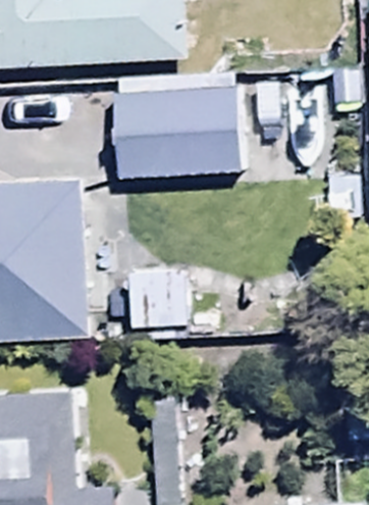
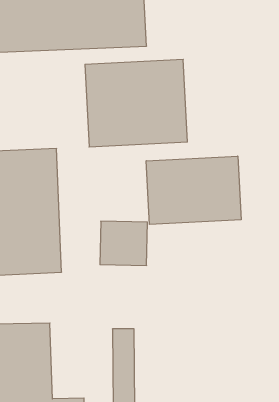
building: none -> [146,156,241,224]

